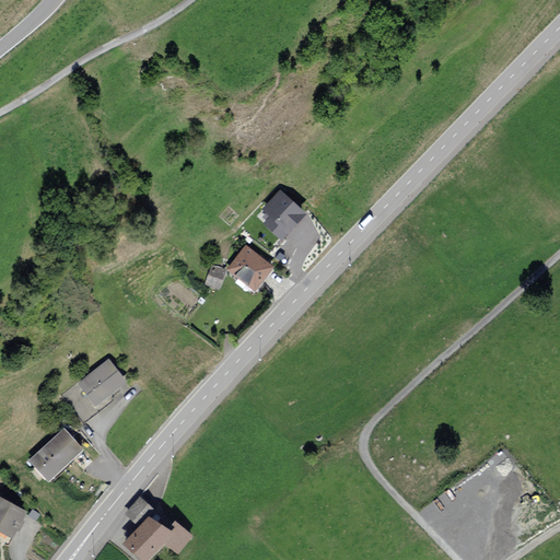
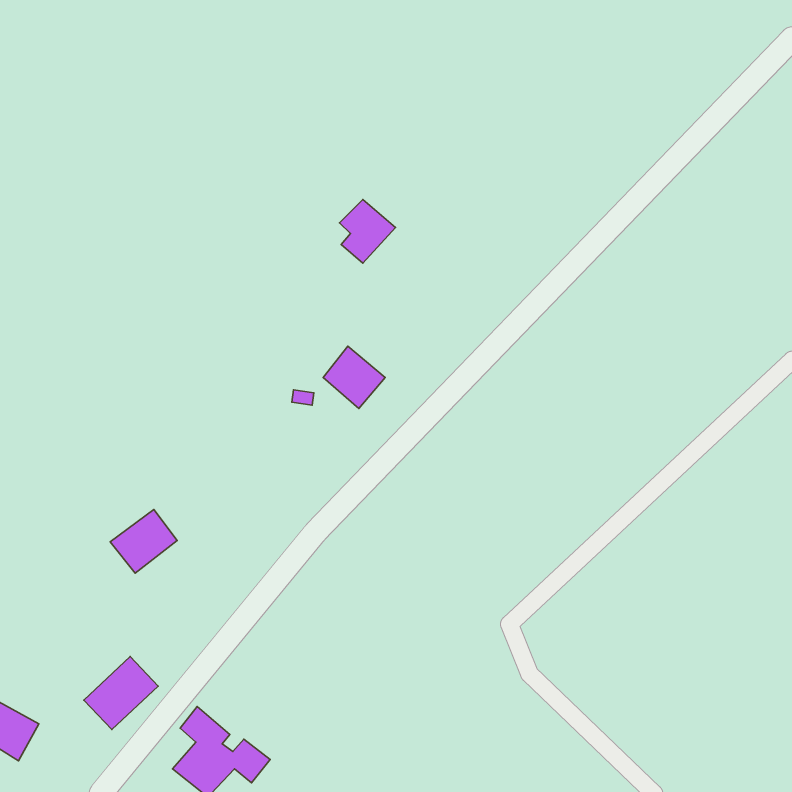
building: [264,192,303,237] -> [339,199,395,263]
building: [30,429,82,480] -> [84,657,158,730]

